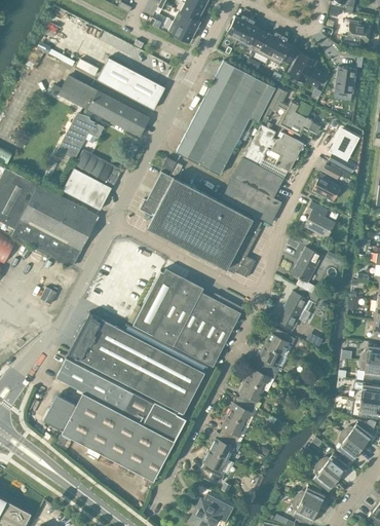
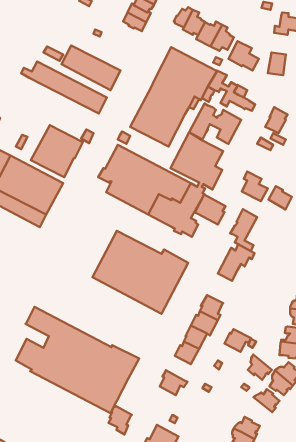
building: [59,115,102,159] -> none
building: [312,175,339,201] -> [269,186,292,209]
building: none -> [195,195,226,225]
building: [68,313,207,414] -> none
building: [264,329,295,354] -> [224,329,251,352]
building: [217,415,245,443] -> none
building: [201,450,228,483] -> [109,406,132,434]
building: [311,462,339,491] -> [248,355,272,380]

